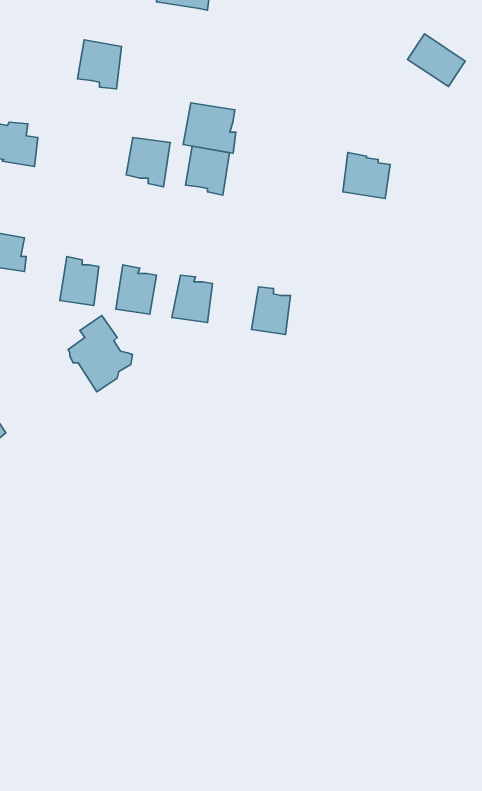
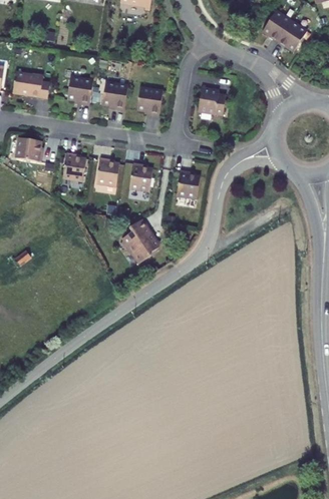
building: none -> [262,10,307,37]
building: [77,40,122,89] -> [67,76,93,105]
building: [183,103,236,153] -> none
building: [343,153,390,198] -> [199,87,227,114]
building: [68,315,132,392] -> [122,218,160,264]

